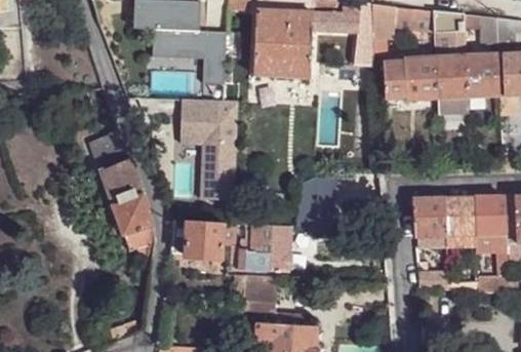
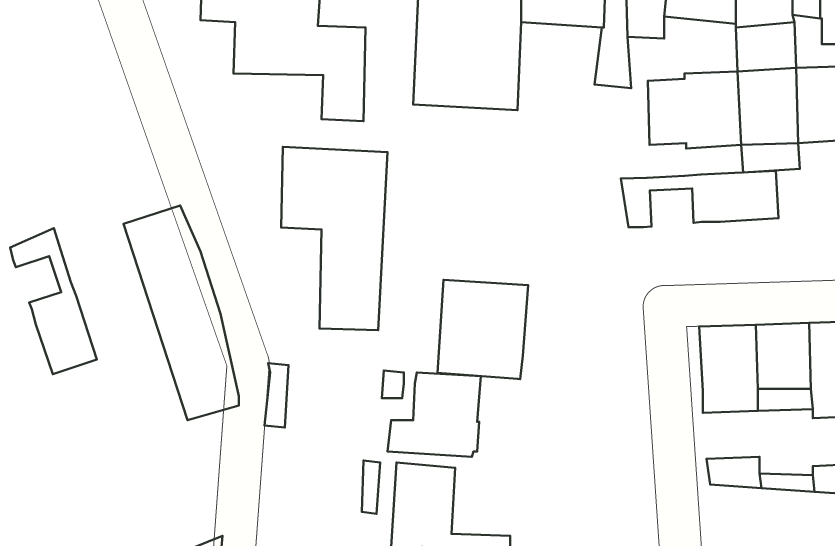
building: none -> [621,171,779,227]
building: none -> [10,228,97,374]
building: none -> [437,280,528,379]
building: [186,223,225,260] -> none

